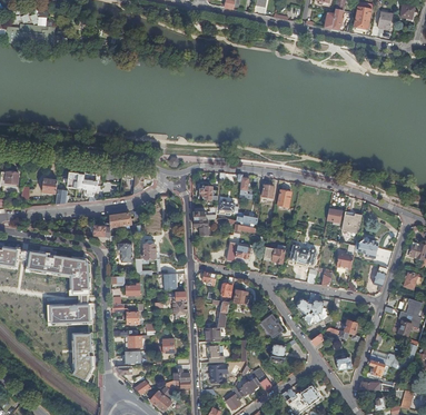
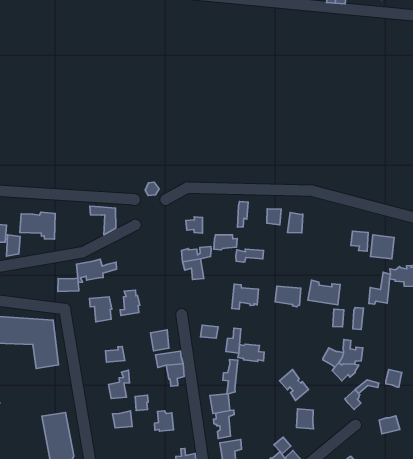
building: [47,302,91,324] -> none

